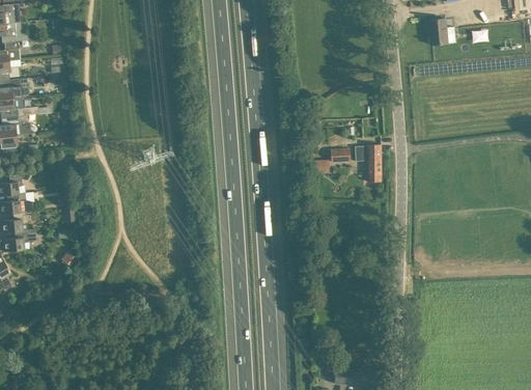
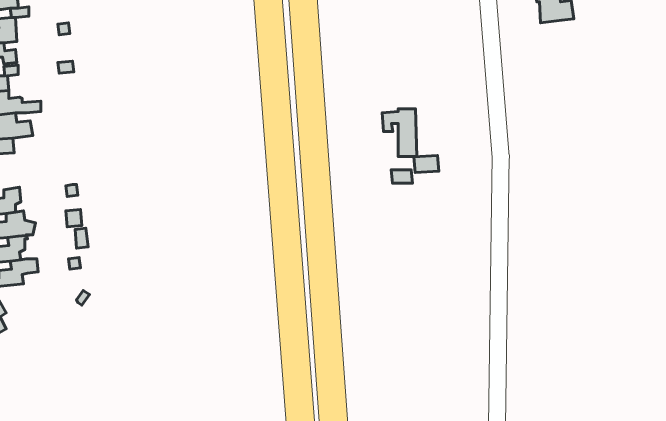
building: [353,144,380,182] -> [382,109,417,157]

